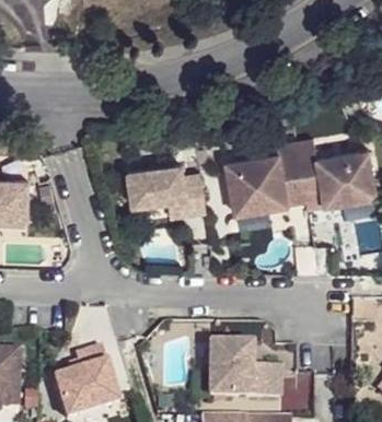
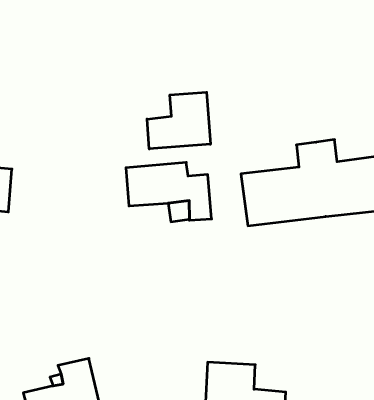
building: none -> [147,92,210,149]

